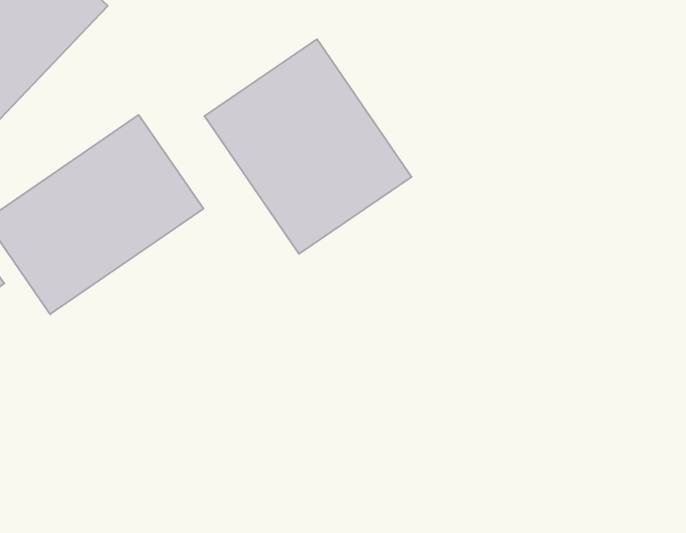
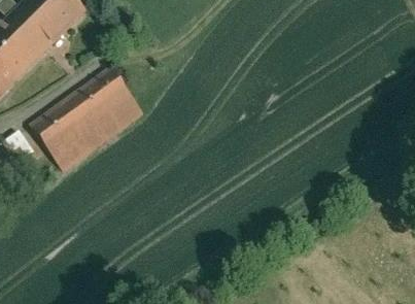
building: [204,39,412,254] -> none

